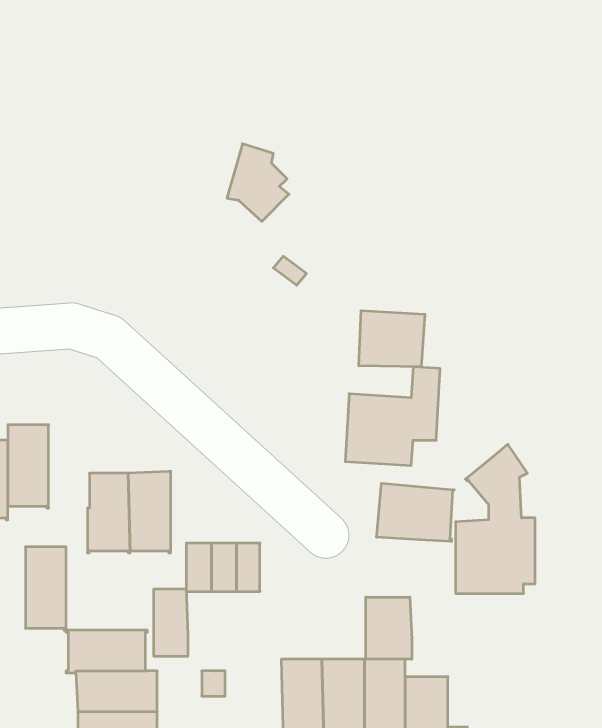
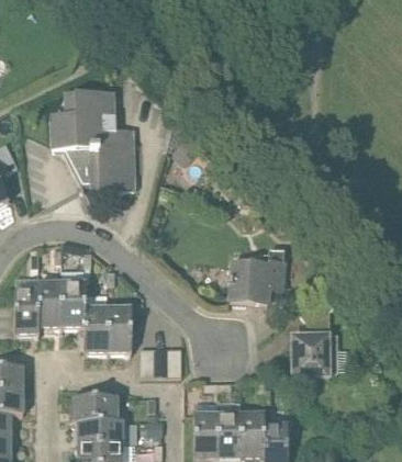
building: none -> [52,92,134,188]
building: [359,311,425,367] -> none
building: [377,483,454,542] -> none
building: [25,547,66,630] -> [62,279,85,326]
building: [154,589,188,656] -> none
building: [366,597,412,659] -> none

